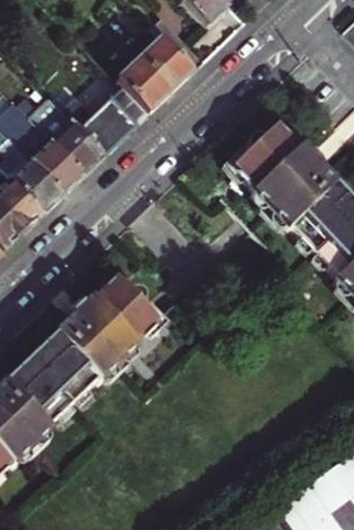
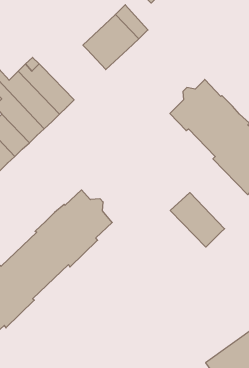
building: [61,86,147,155] -> none
building: none -> [170,193,225,247]

